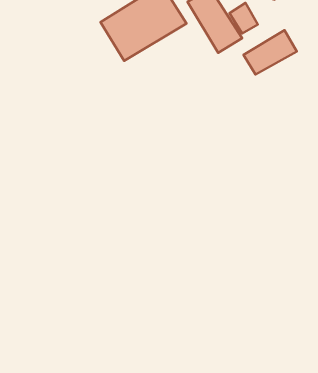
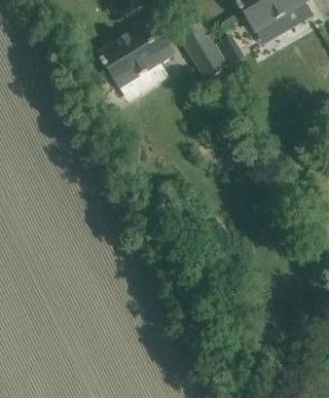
building: [244,30,297,75] -> none

